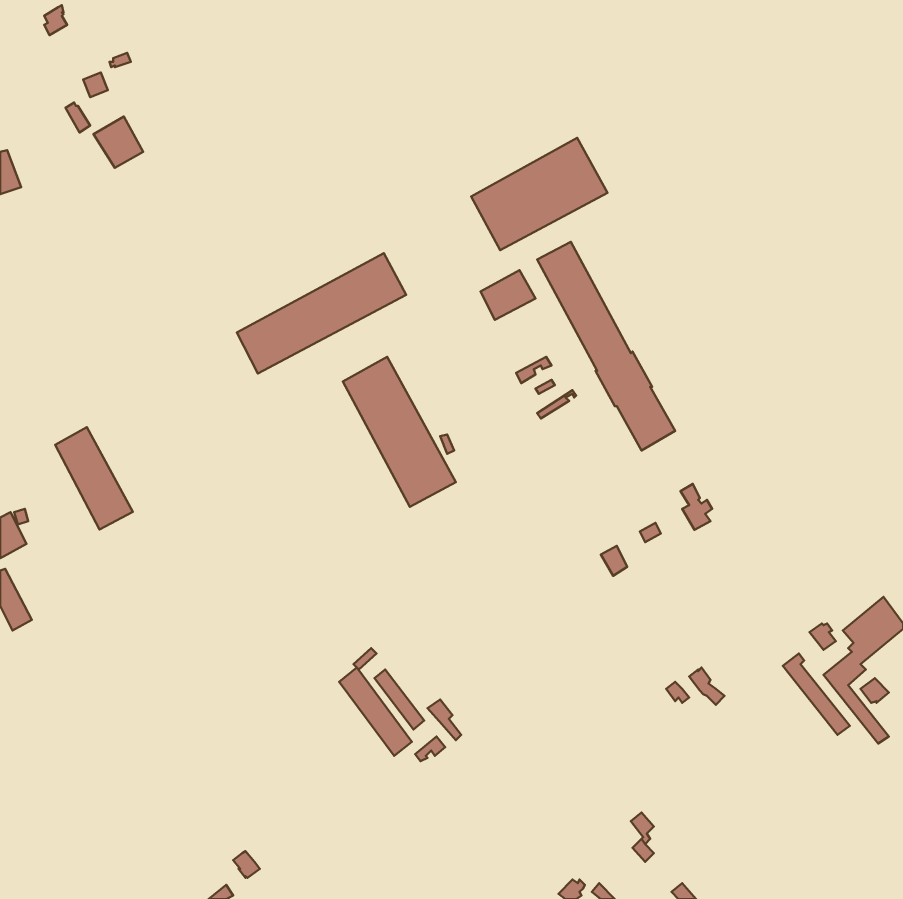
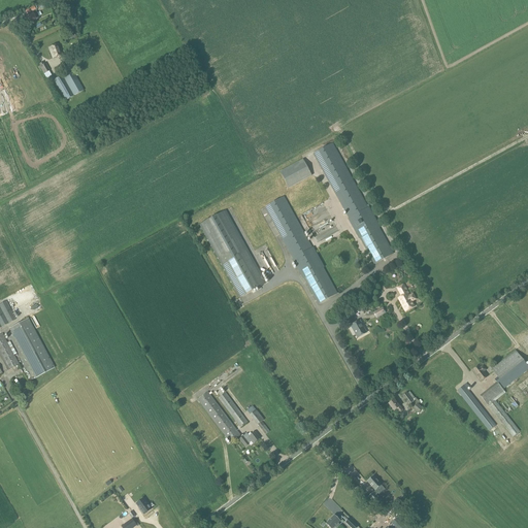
building: [471,138,607,250] -> none
building: [237,253,406,373] -> none
building: none -> [265,195,338,302]
building: [55,427,133,529] -> [9,317,55,376]

